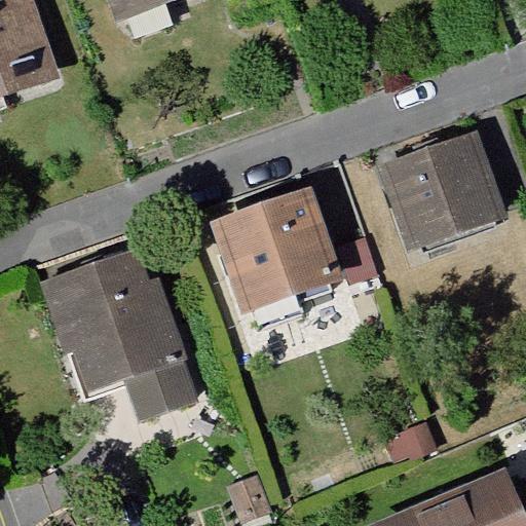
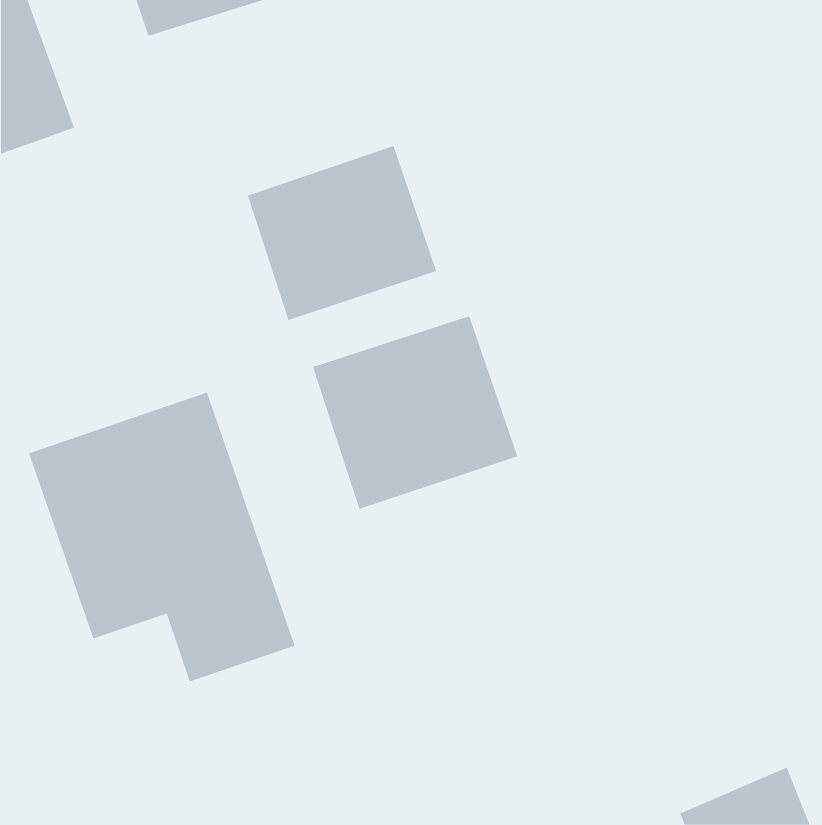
building: none -> [247,145,437,321]
building: [379,129,510,253] -> none

